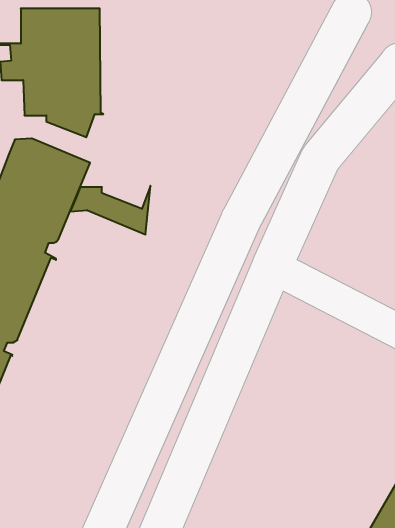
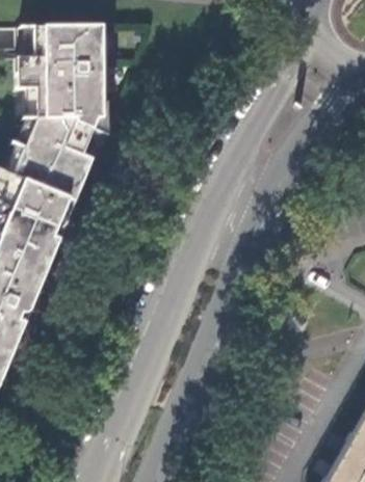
building: [70,186,150,234] -> [29,117,98,159]

